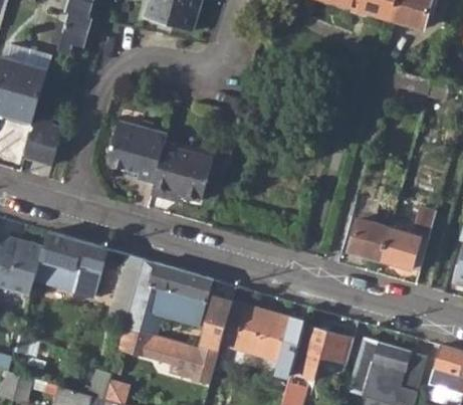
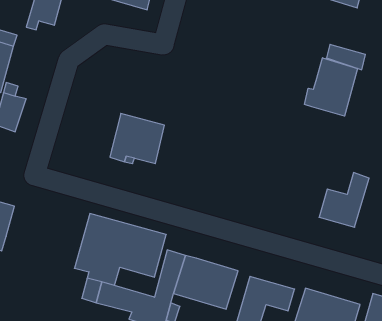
building: none -> [304,58,357,116]
building: [106,121,165,184] -> none
building: [350,219,390,259] -> none
building: [35,232,107,297] -> none

